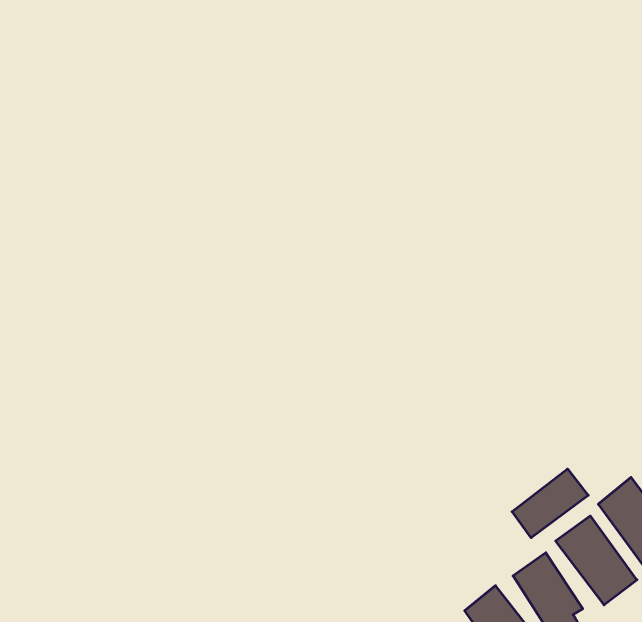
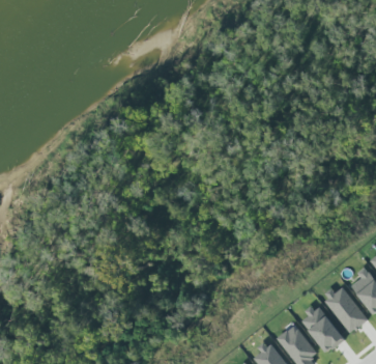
building: [512,469,588,538] -> none

